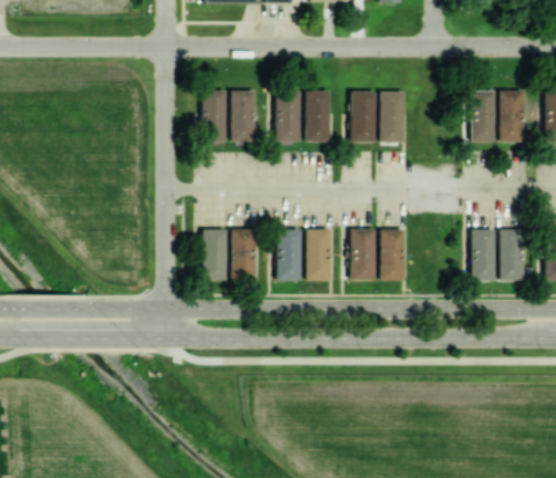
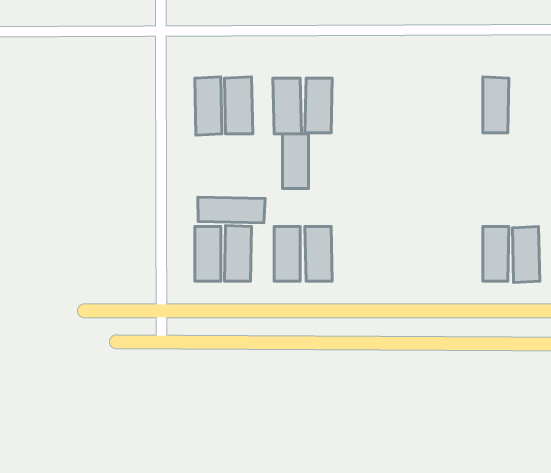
building: [500,90,526,142] -> none
building: [351,91,375,142] -> [283,134,309,189]
building: [380,92,405,143] -> none
building: none -> [198,197,265,223]
building: [351,228,375,280] -> none
building: [380,229,405,280] -> none

